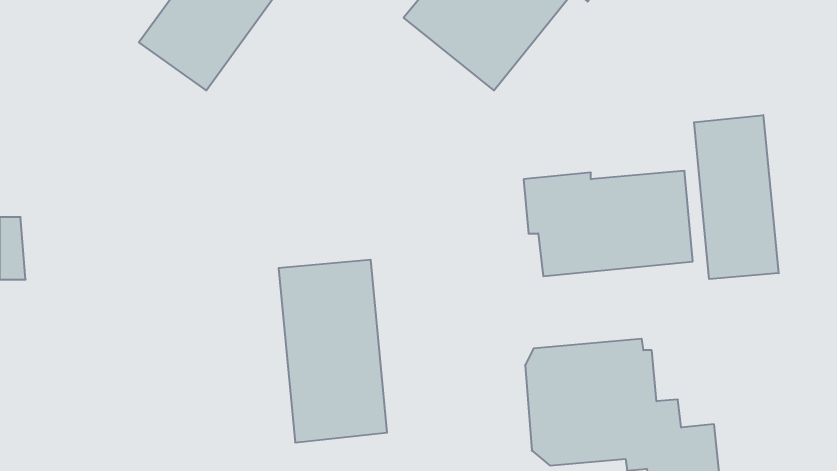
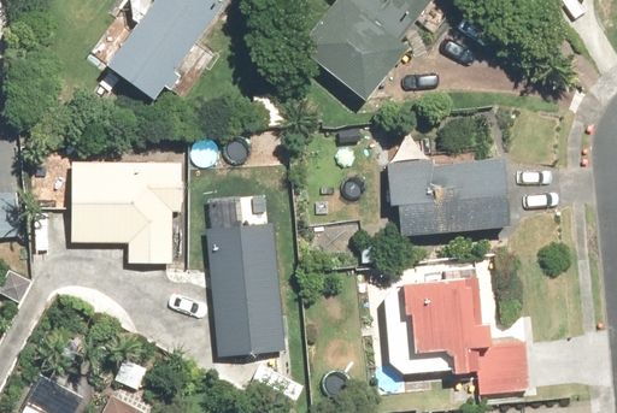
building: [694,115,779,279] -> none
building: none -> [71,160,182,264]

